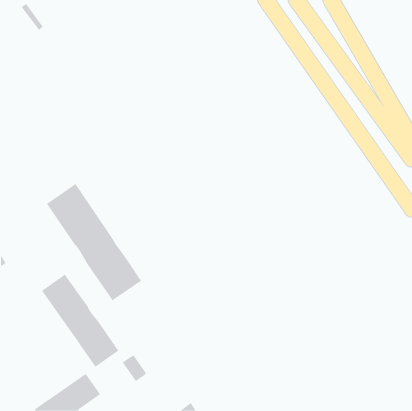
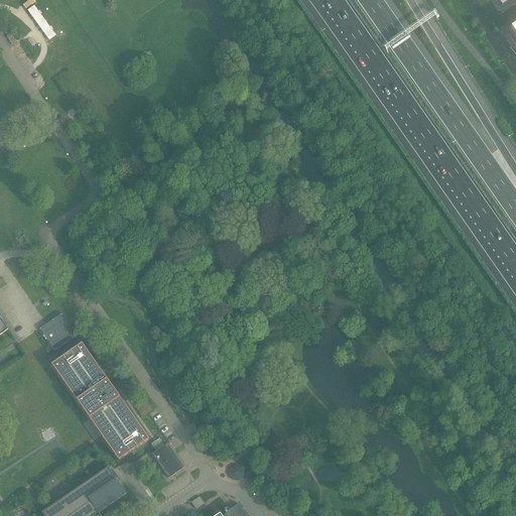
building: [46,183,142,301] -> none
building: none -> [39,312,77,350]

